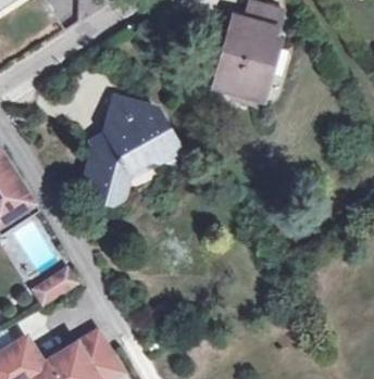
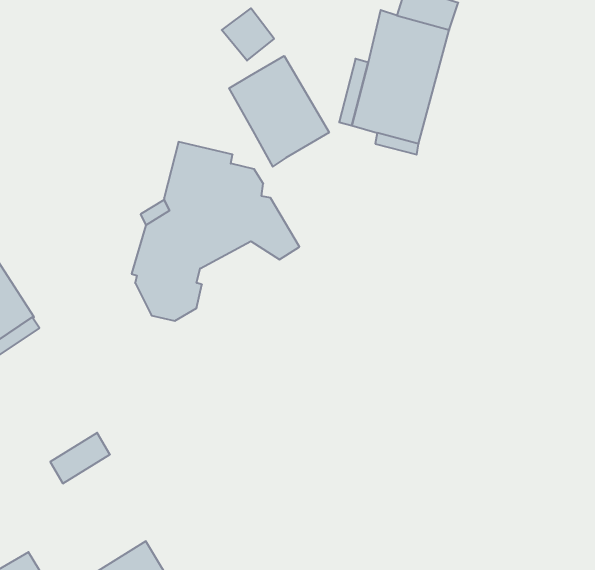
building: none -> [229,56,329,167]

